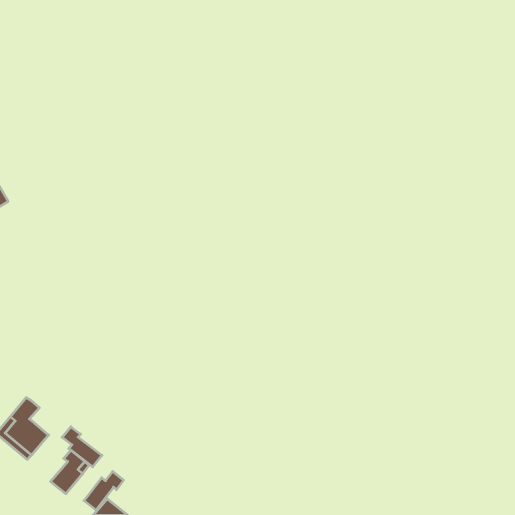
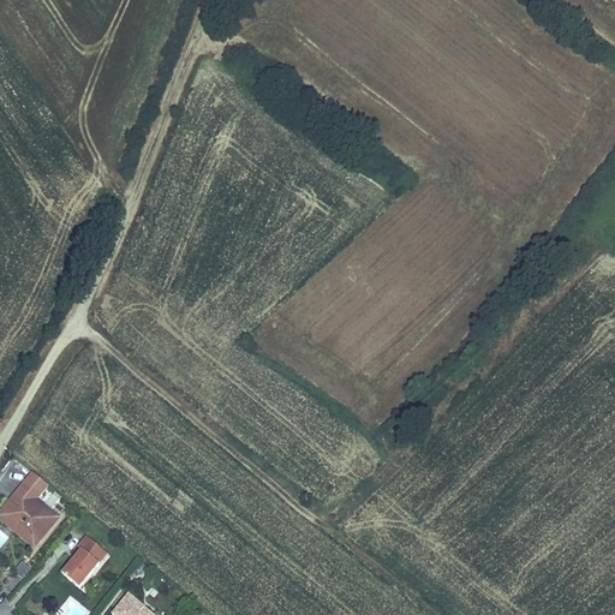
building: [62,427,102,467] -> none
building: [84,471,123,510] -> none

